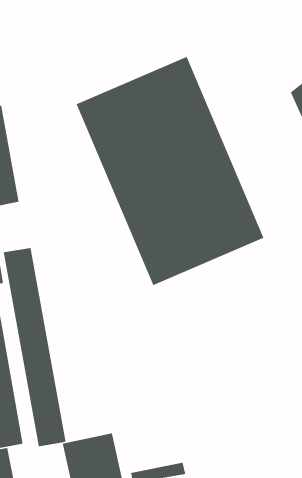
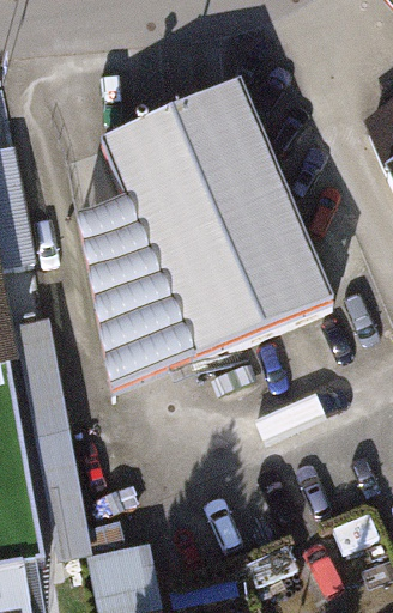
building: none -> [64,135,198,388]

